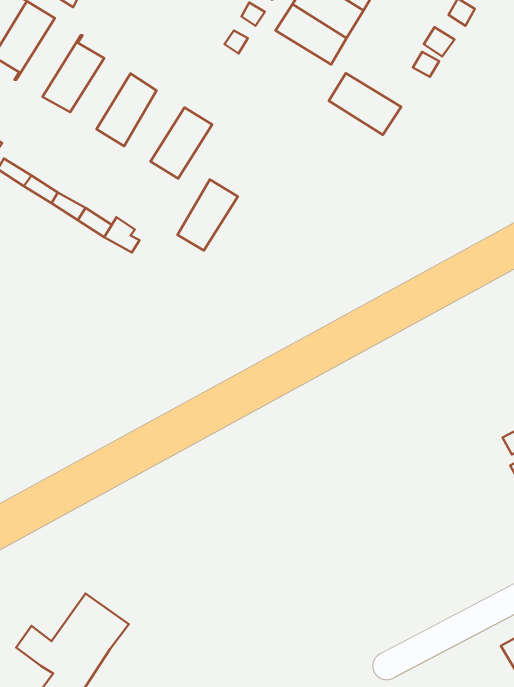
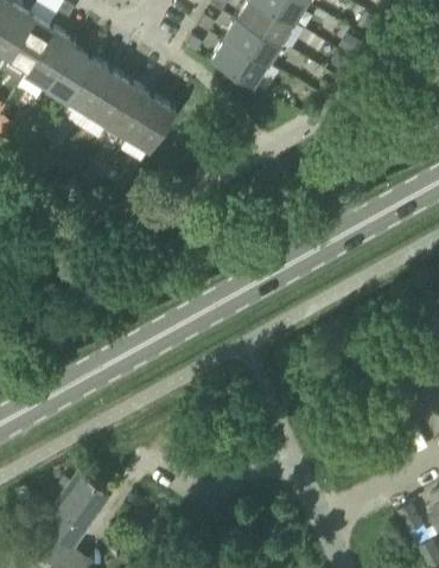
building: none -> [27,28,77,89]
building: none -> [69,59,115,114]
building: [329,73,401,135] -> [214,38,269,85]
building: [177,179,238,250] -> [110,84,157,139]

